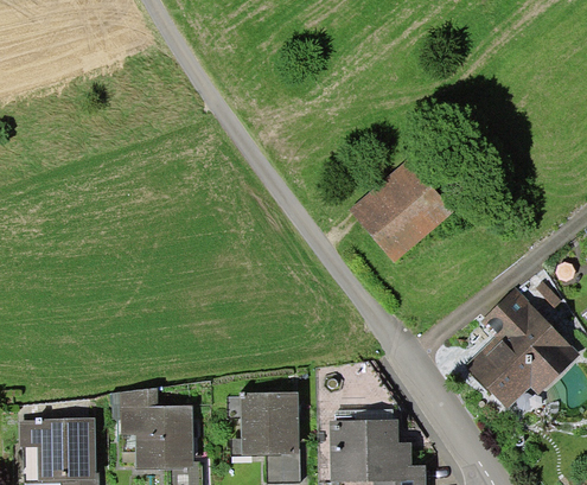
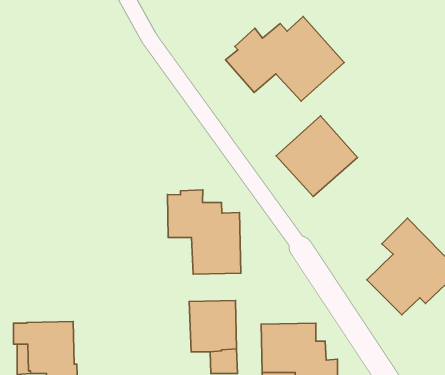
building: none -> [225,17,344,101]
building: none -> [167,190,241,274]
building: [110,387,193,470] -> none

